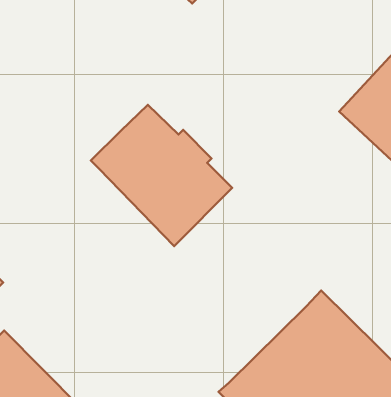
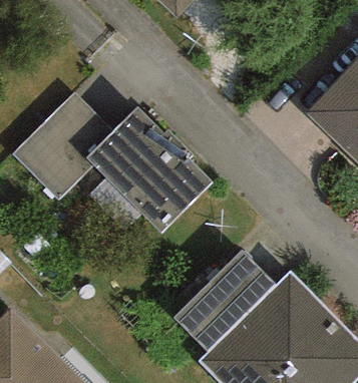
building: none -> [14,93,113,199]
building: none -> [173,251,277,353]

